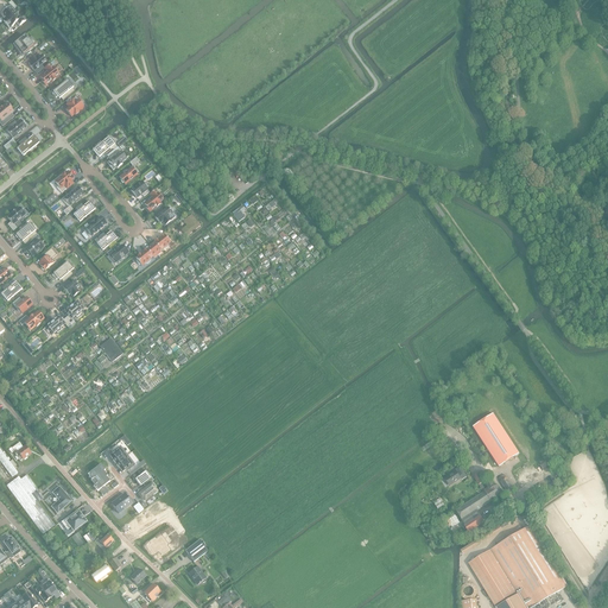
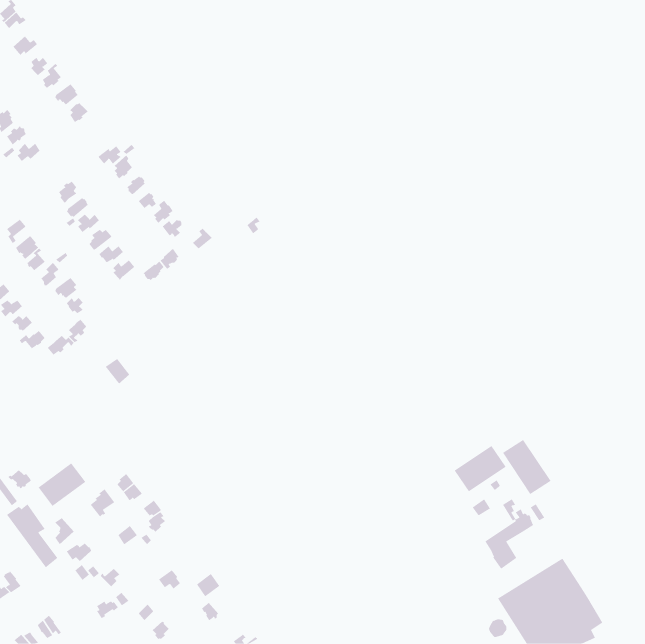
building: none -> [454,445,506,492]
building: none -> [38,462,86,507]

